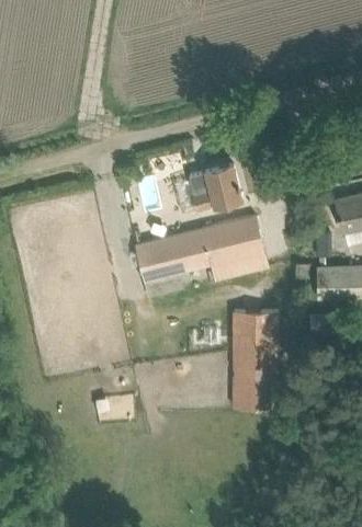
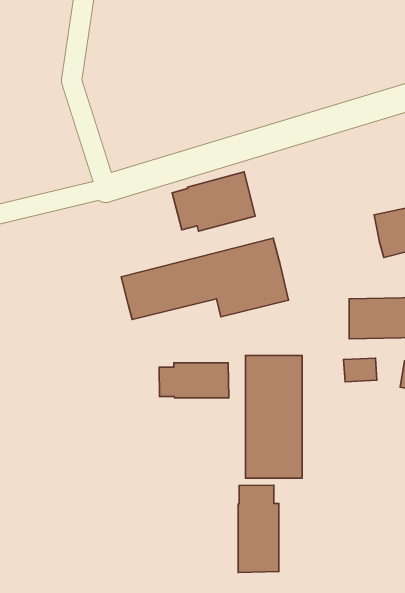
building: none -> [159,363,229,398]
building: none -> [238,485,279,572]

